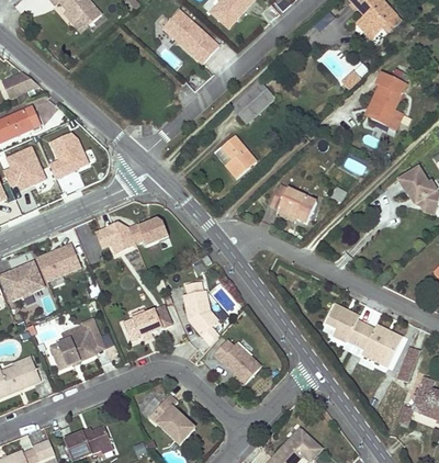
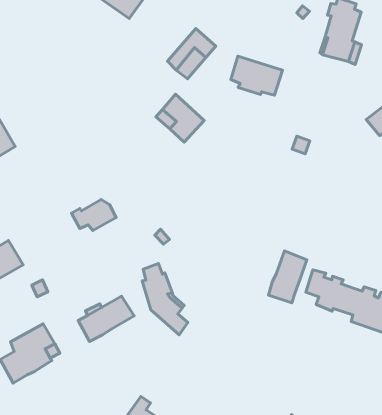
building: [270,184,316,223] -> [231,56,282,95]
building: [95,219,136,252] -> none
building: none -> [268,251,307,303]
building: [213,339,260,383] -> none

